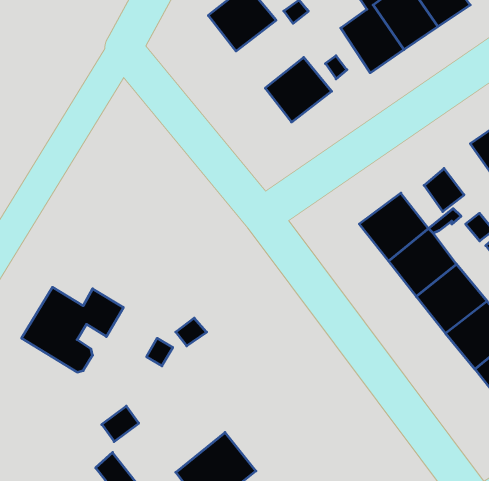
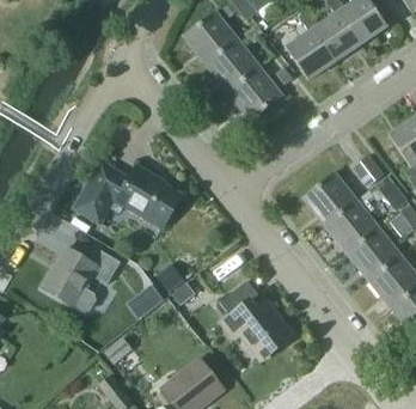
building: none -> [206,38,258,91]
building: none -> [77,163,182,227]
building: none -> [221,282,292,360]

